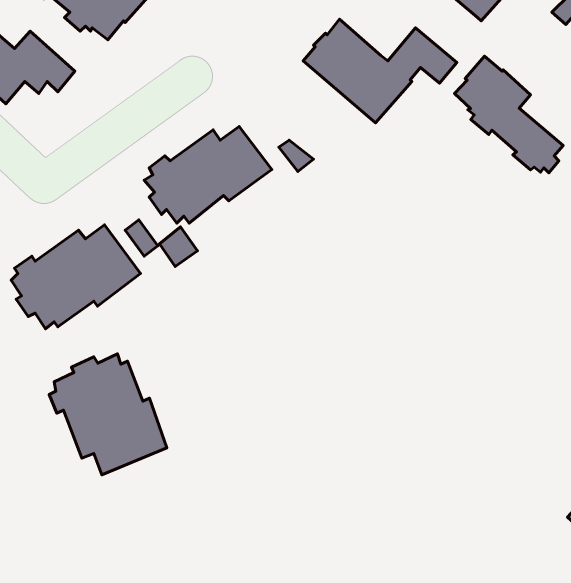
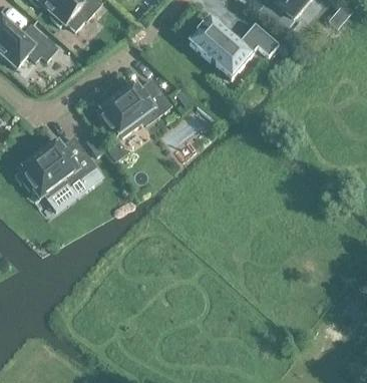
building: [454,56,563,173] -> none
building: [49,354,167,475] -> none

